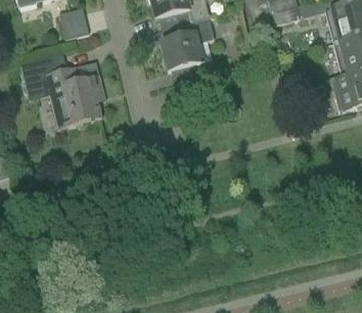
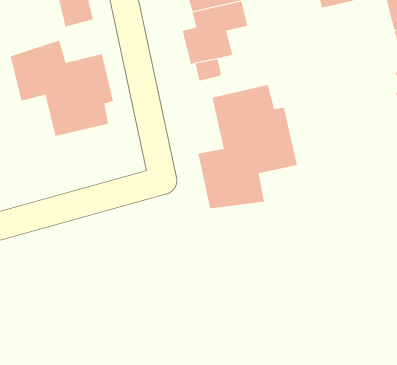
building: none -> [198,84,297,209]

